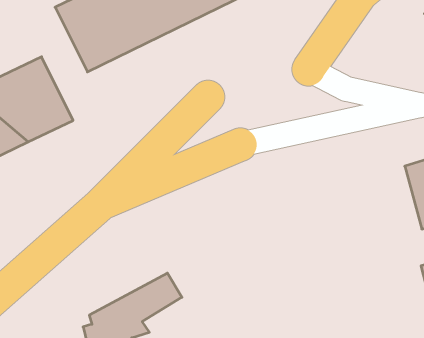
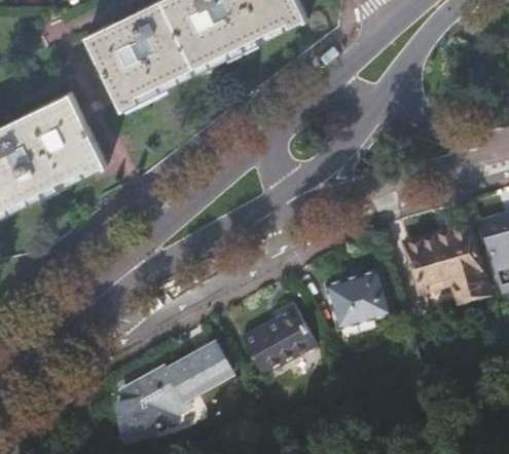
building: none -> [406,226,486,309]
building: none -> [326,269,392,328]
building: none -> [243,301,318,372]

